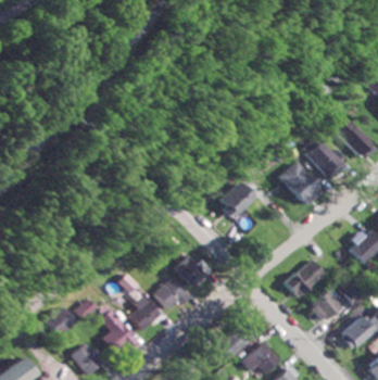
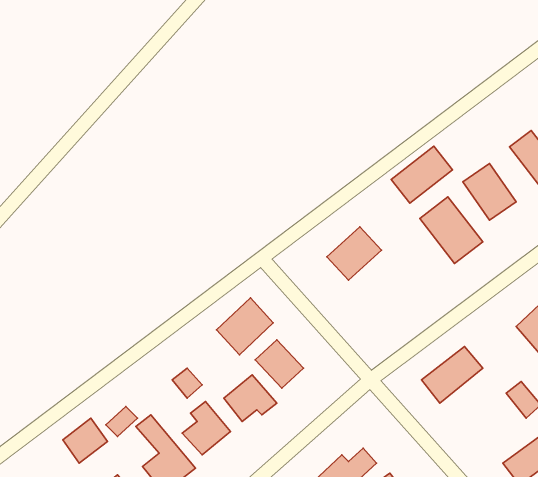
building: none -> [391,146,453,203]
building: none -> [217,298,273,355]
building: [308,291,339,321] -> none

